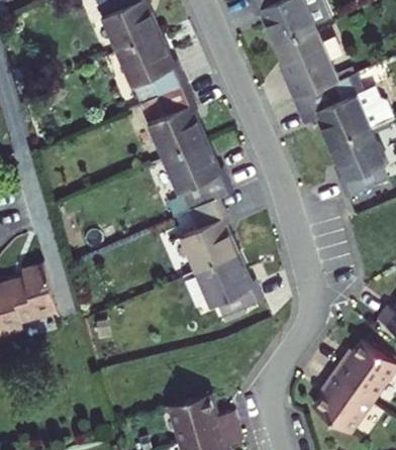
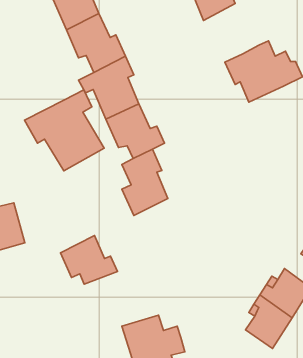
building: [276,25,328,100] -> none
building: [329,123,386,193] -> none
building: none -> [24,90,104,171]
building: [193,256,261,314] -> [60,236,117,284]

